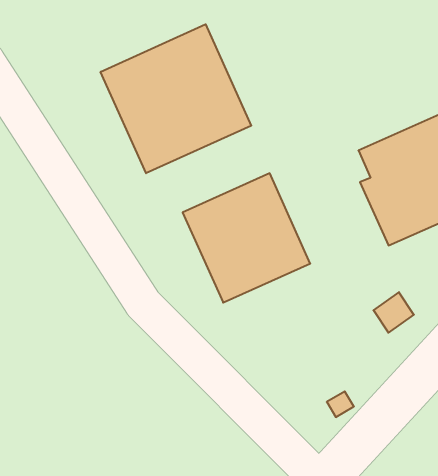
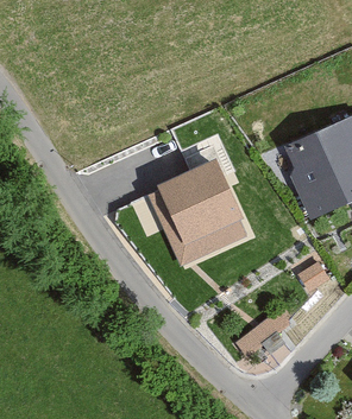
building: [101,24,251,173] -> none

